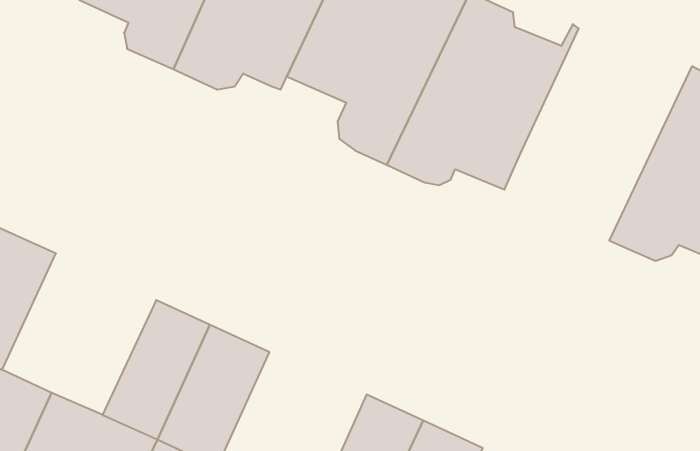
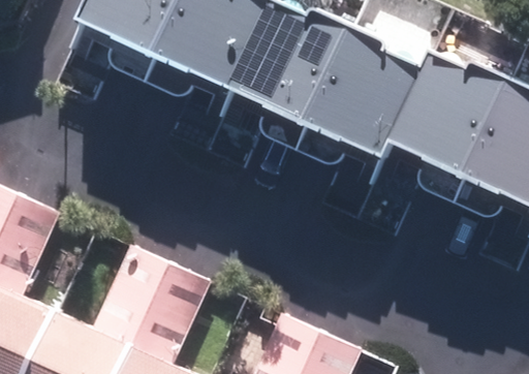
building: none -> [391,53,512,204]

